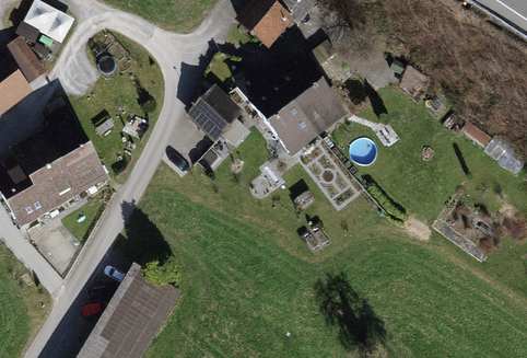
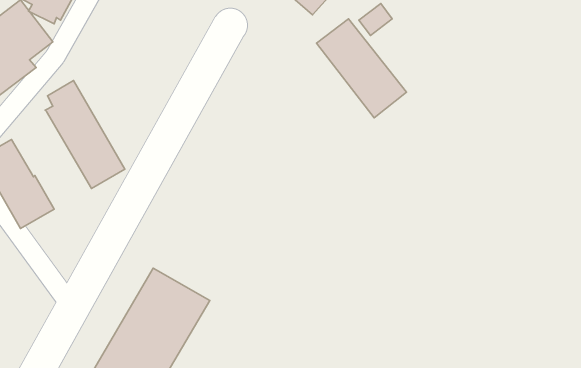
building: [234,69,321,159] -> none
building: [186,84,245,145] -> none
building: [11,131,81,215] -> none

